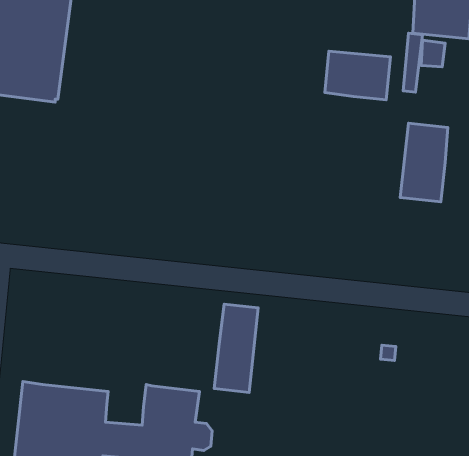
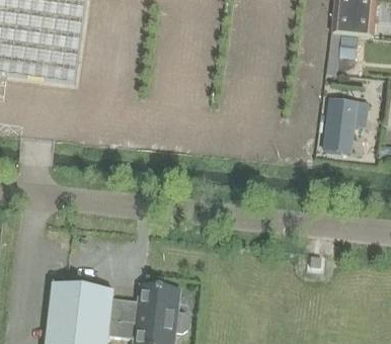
building: [325,51,390,100] -> none
building: [214,304,258,392] -> none

